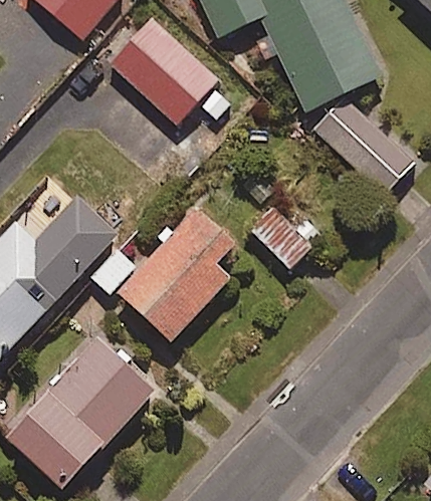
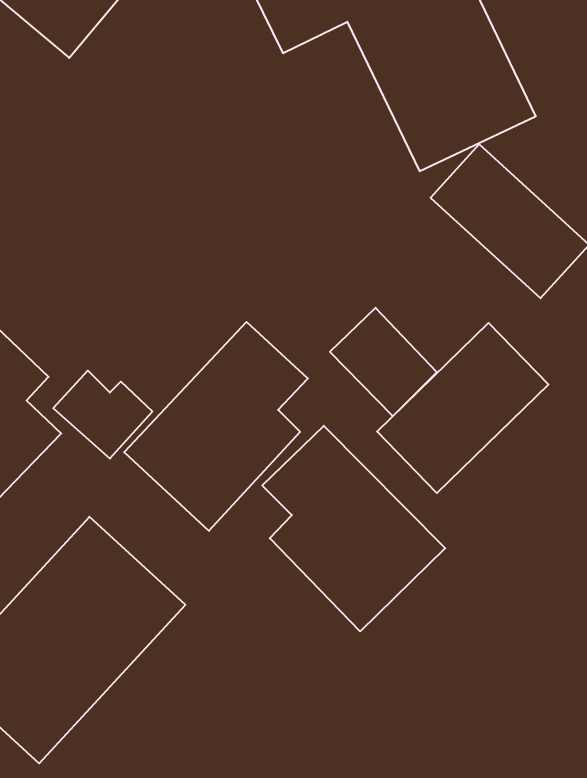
building: [110,18,218,124] -> none
building: none -> [377,323,548,493]
building: none -> [262,426,445,631]

